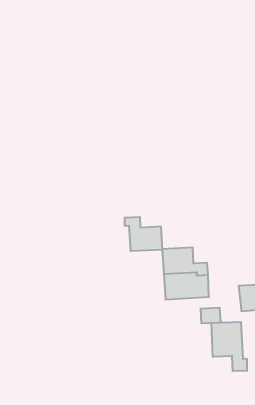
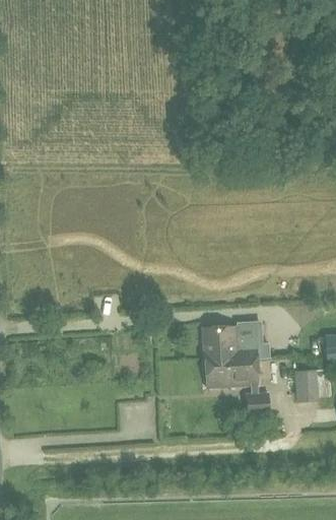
building: [125,217,162,251] -> none
building: [212,322,247,371] -> none

